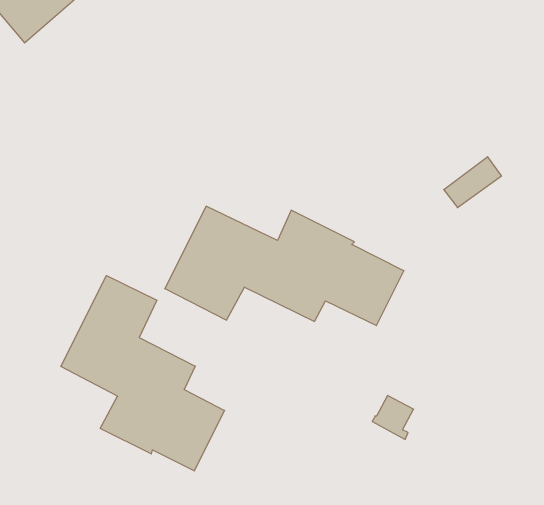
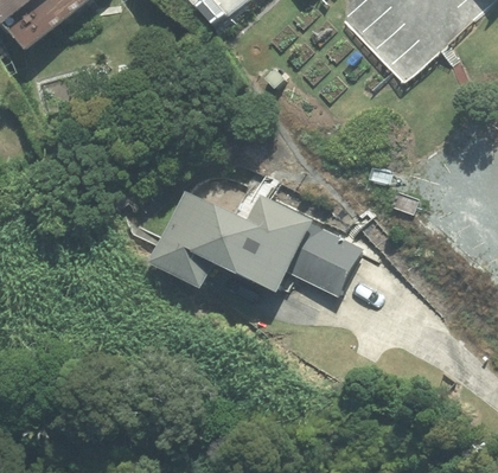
building: [61,276,225,471] -> none

